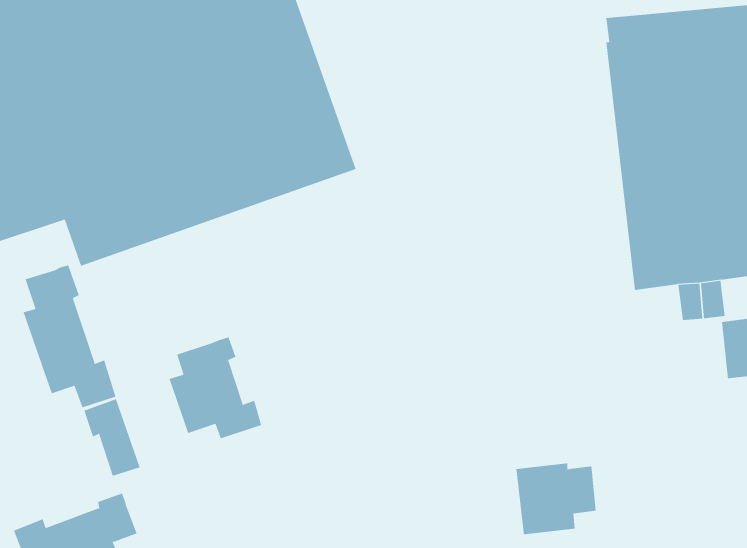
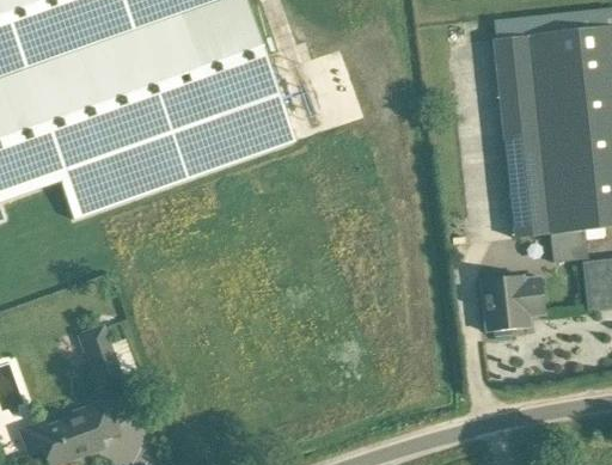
building: [23,264,116,408] -> none
building: [169,336,262,439] -> none
building: [516,463,597,535] -> [481,274,545,331]

